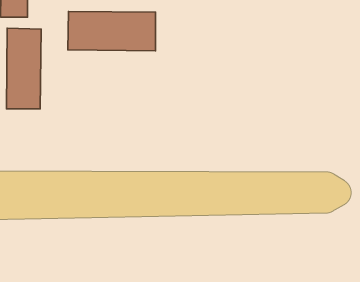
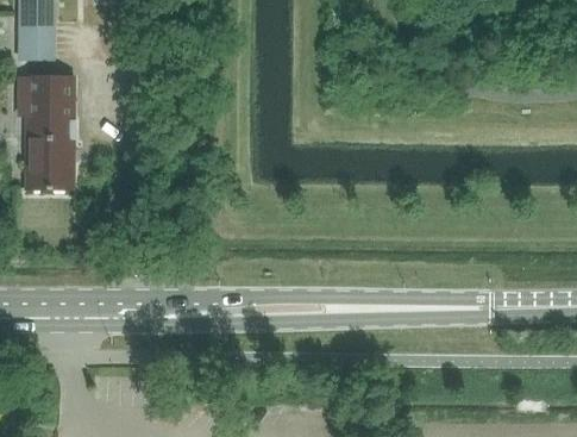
building: [68,11,156,51] -> none

